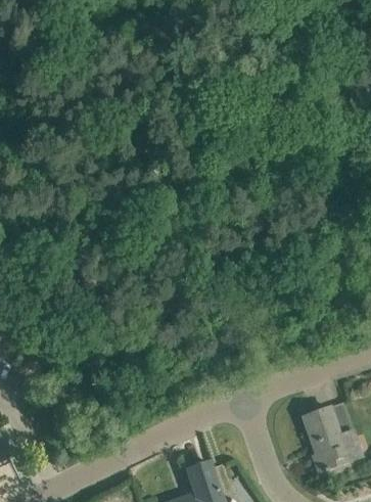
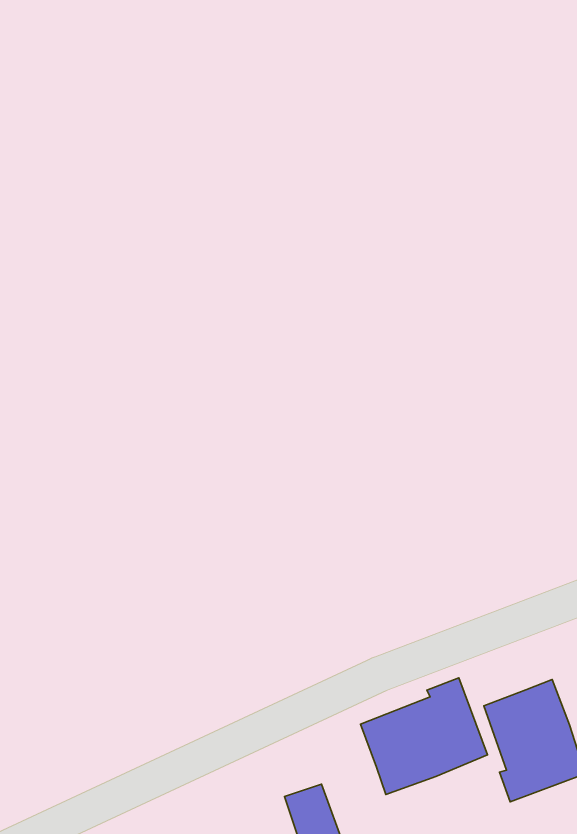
building: none -> [361,678,488,794]

